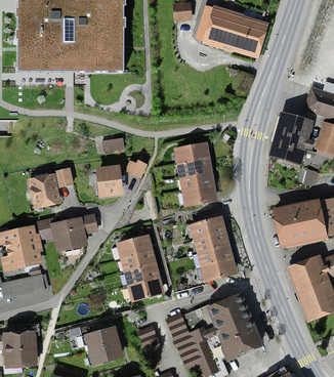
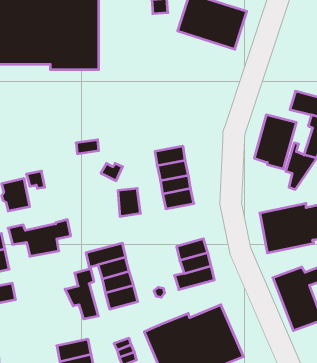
building: [99,169,121,196] -> [118,188,141,216]
building: [194,219,223,241] -> none
building: none -> [65,269,98,319]

